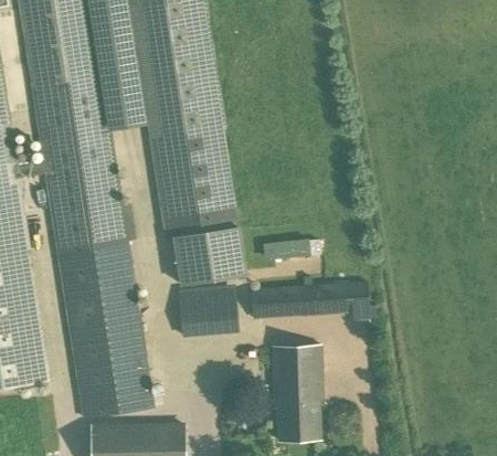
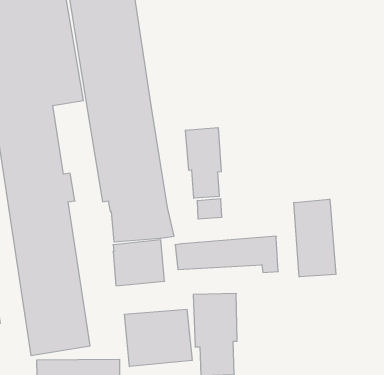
building: none -> [186,128,221,198]
building: none -> [294,199,336,277]
building: none -> [125,309,192,367]

